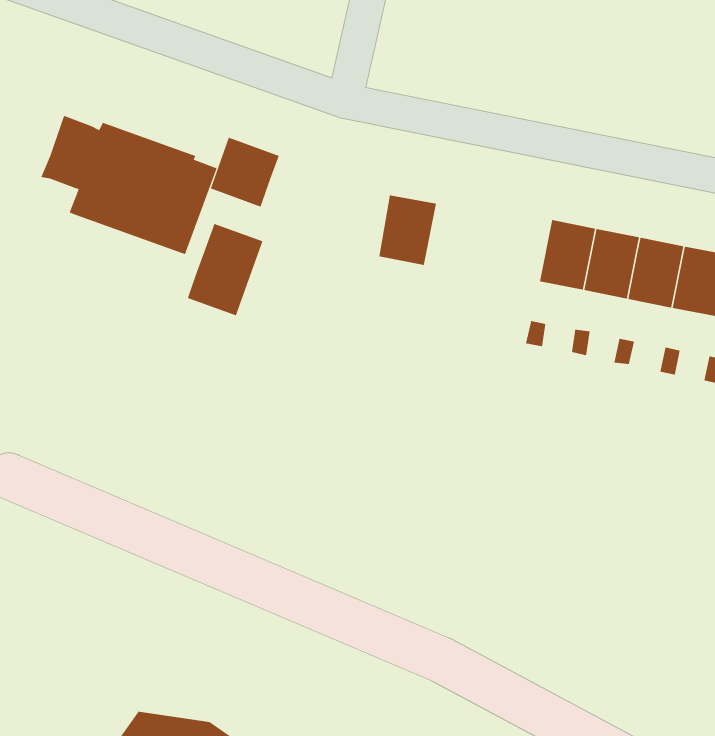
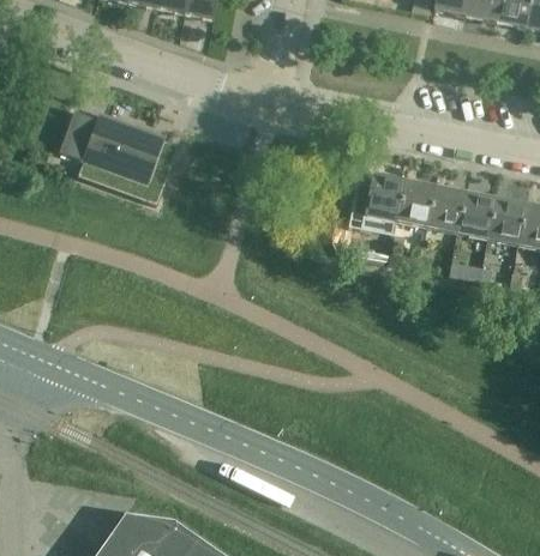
building: [210,137,280,207] -> none
building: [379,195,437,265] -> [366,173,406,220]
building: [187,223,263,316] -> none

